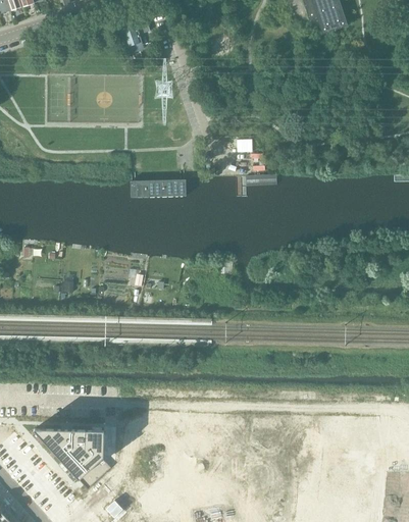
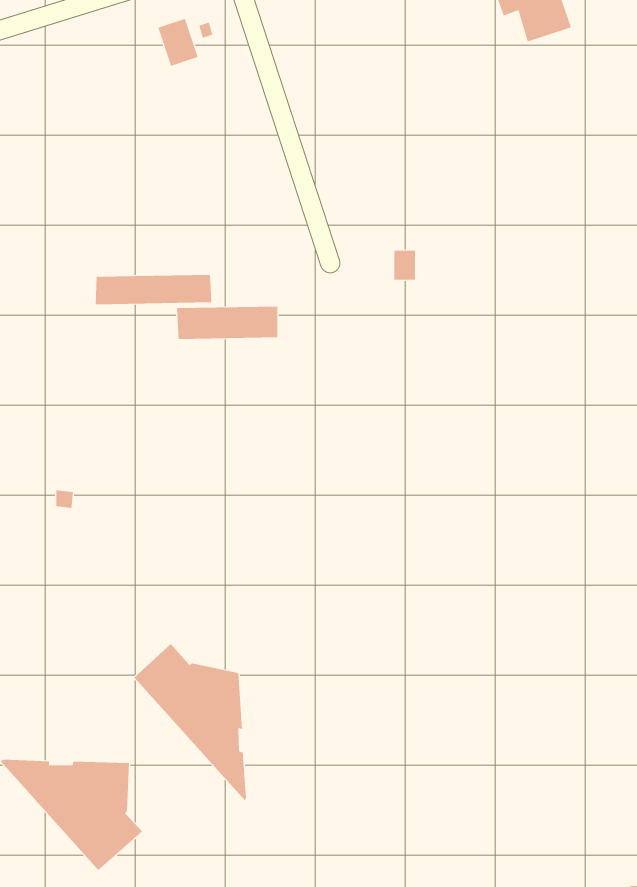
building: none -> [95,274,212,305]
building: none -> [134,643,246,801]

